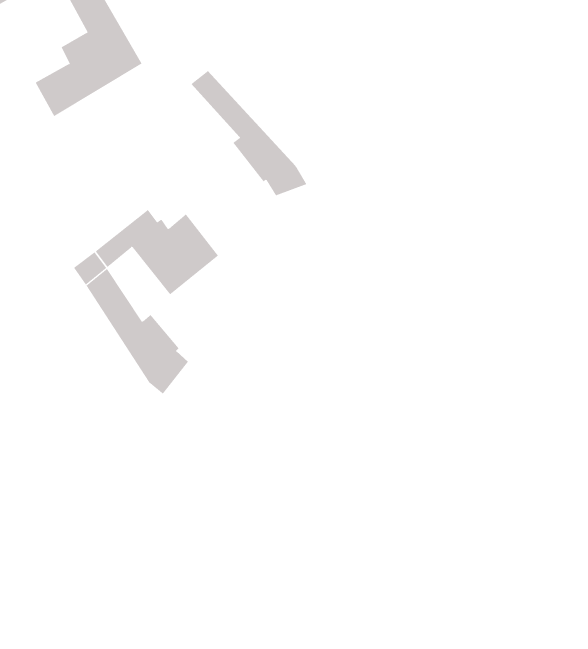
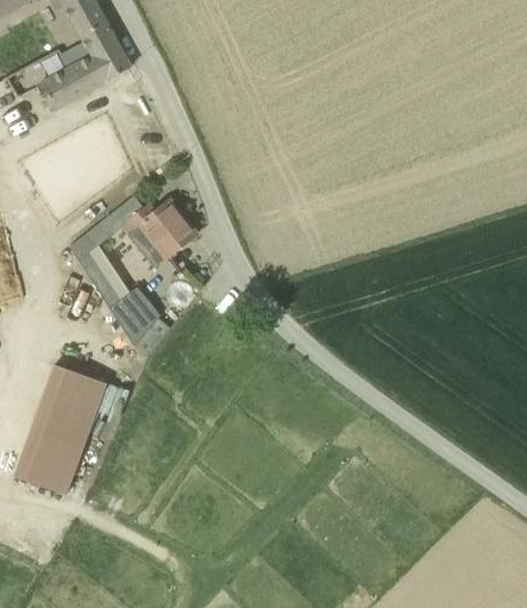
building: [191,70,307,196] -> none
building: none -> [13,362,108,494]

